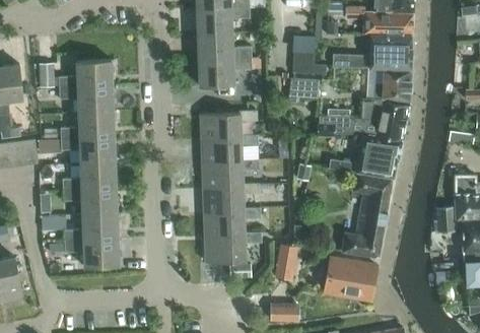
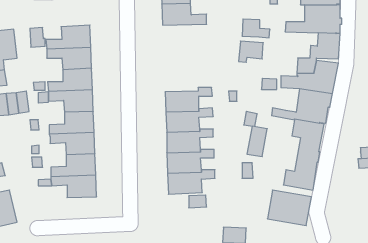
building: [198,58,252,85] -> none
building: [200,111,257,139] -> none
building: [274,244,298,280] -> [247,126,267,157]

